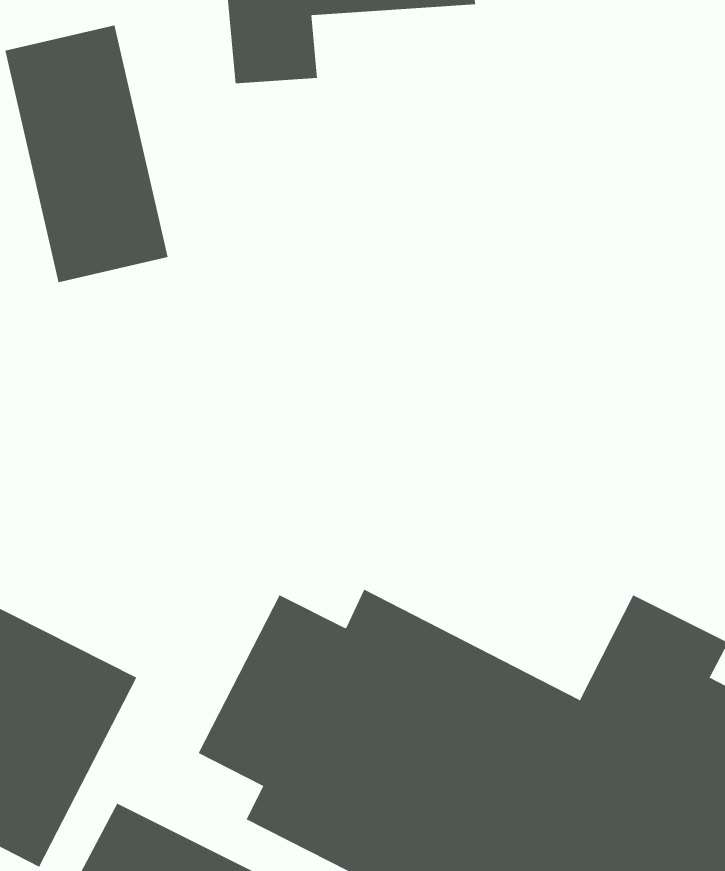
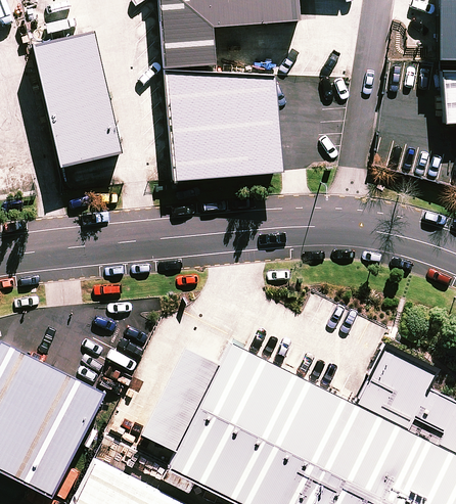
building: none -> [167,71,281,180]

